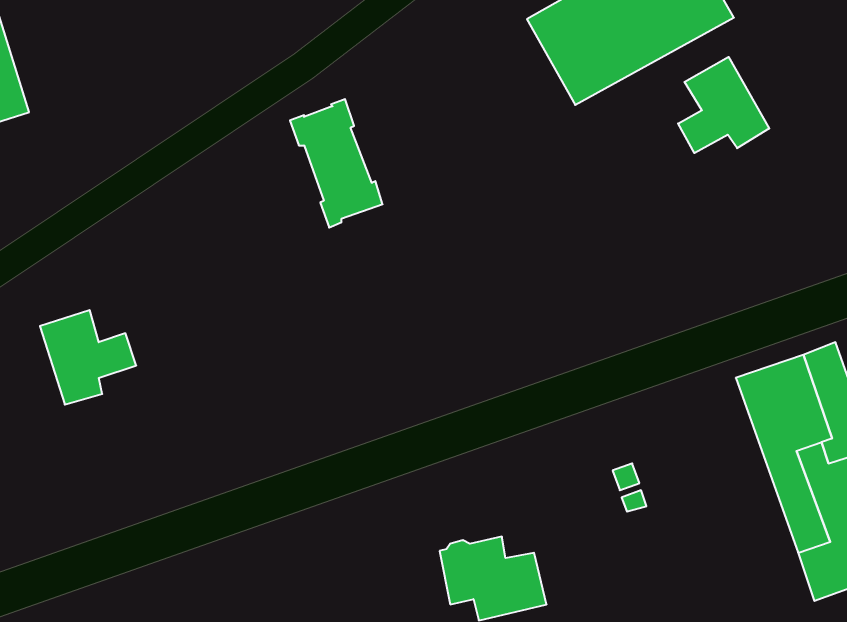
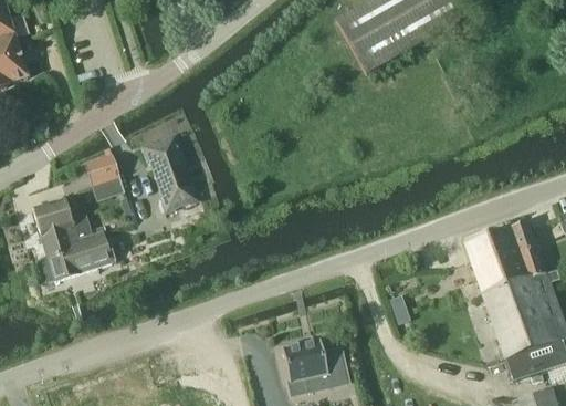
building: [678,57,769,153] -> none
building: [290,99,383,228] -> [142,133,199,212]
building: none -> [84,153,120,186]
building: none -> [50,231,112,280]

